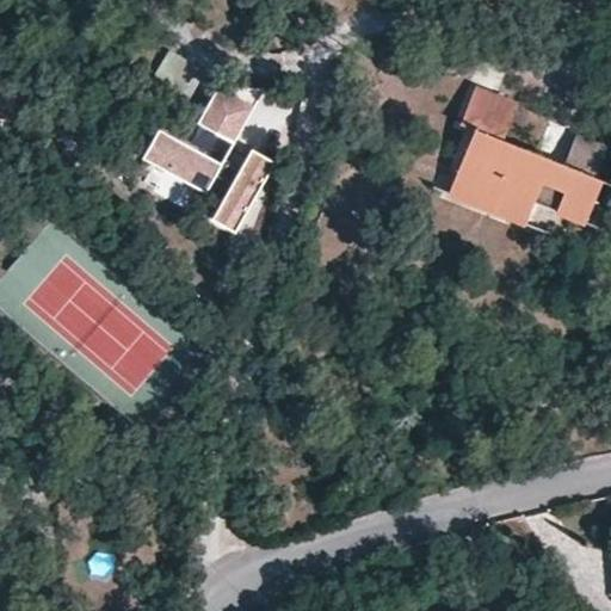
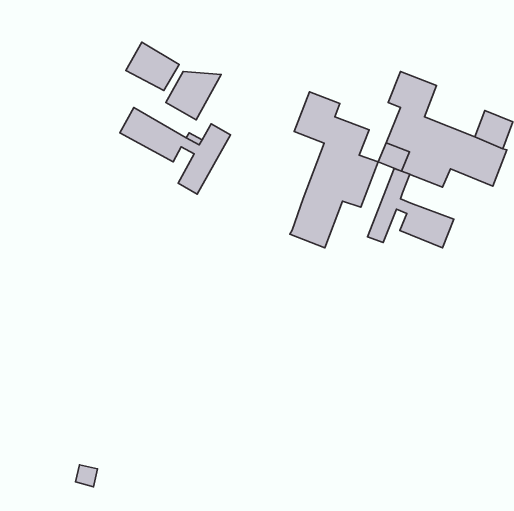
building: none -> [290,92,378,248]
building: none -> [367,169,454,248]

